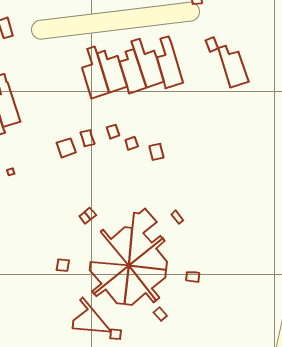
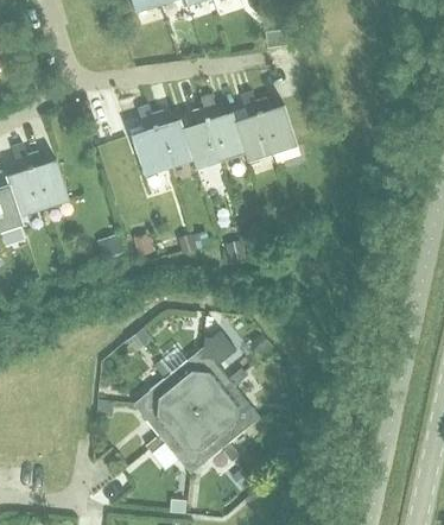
building: [218,46,249,87] -> [255,96,298,154]
building: none -> [27,151,69,209]
building: [72,297,111,331] -> [142,362,196,410]

